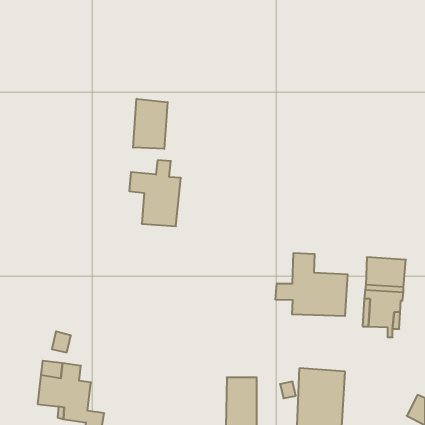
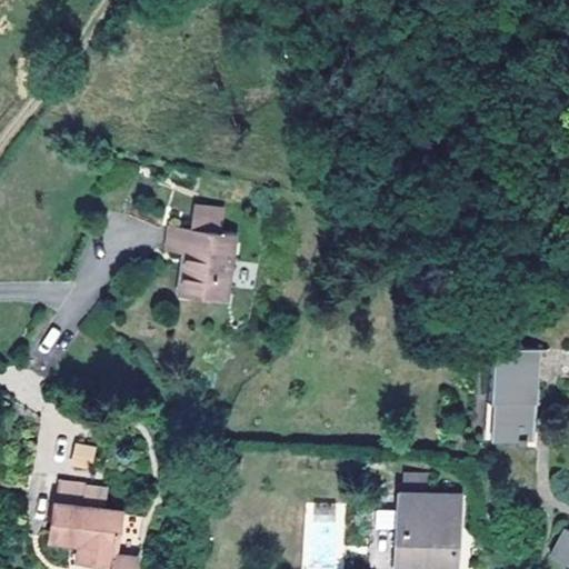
building: [133,99,168,149] -> none
building: [276,253,348,316] -> none

